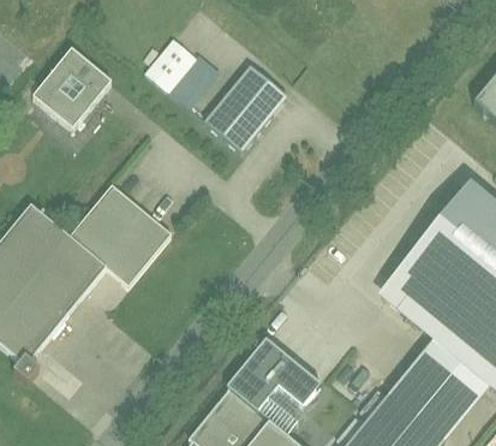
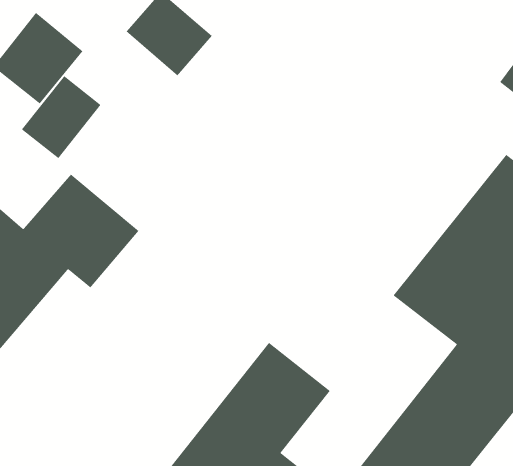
building: [207,71,287,155] -> none
building: none -> [21,75,102,159]

